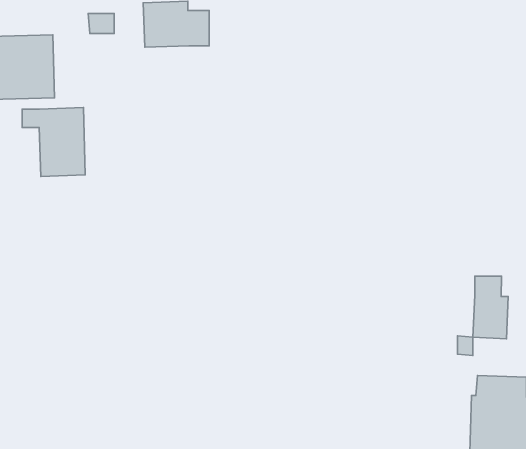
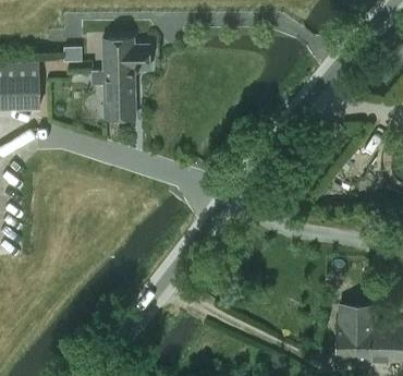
building: [22,107,85,177] -> [91,71,136,120]
building: [473,276,508,339] -> none

